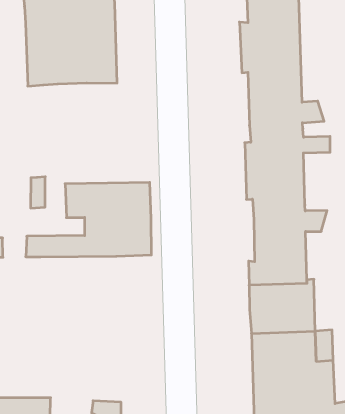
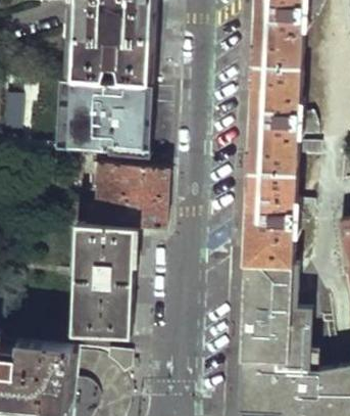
building: none -> [68,81,147,148]
building: none -> [67,226,136,336]

